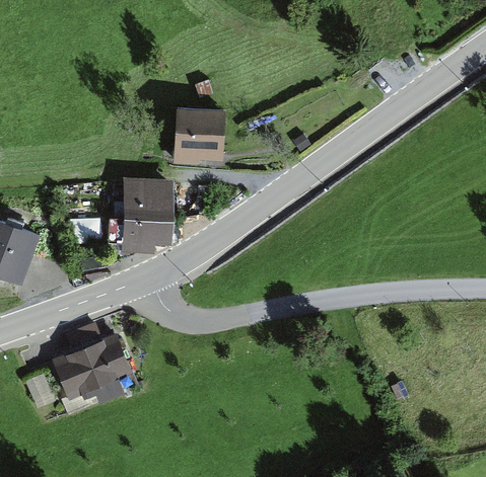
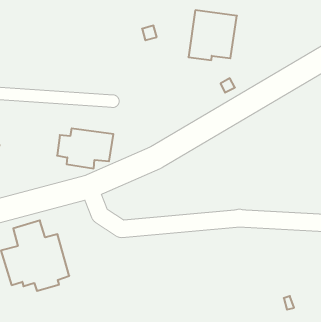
building: [172,106,225,163] -> [188,10,237,60]
building: [114,177,173,211] -> none

